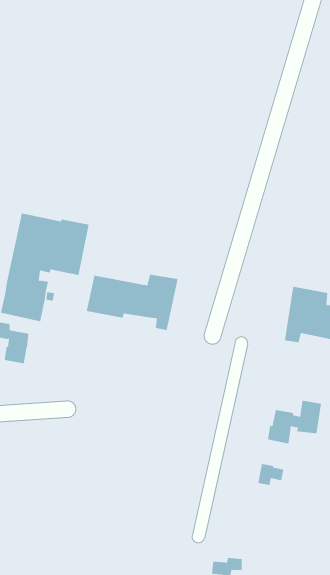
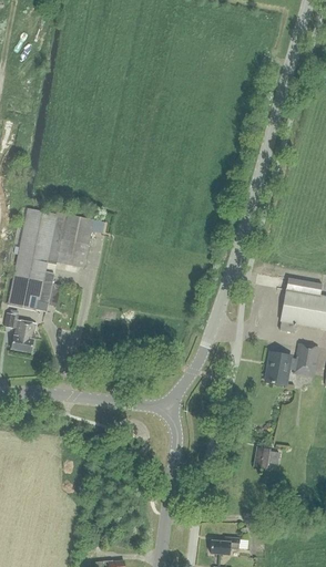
building: [86,274,178,331] -> none
building: [267,400,322,444] -> [265,342,317,384]

